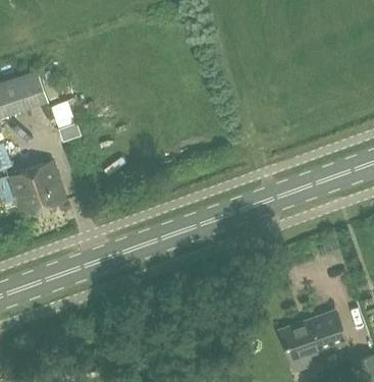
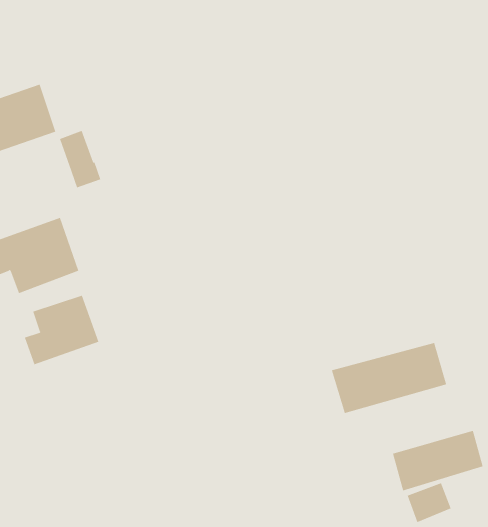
building: none -> [24,295,99,365]
building: none -> [331,342,447,414]

